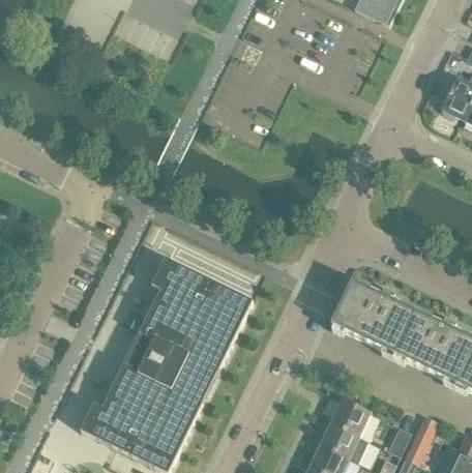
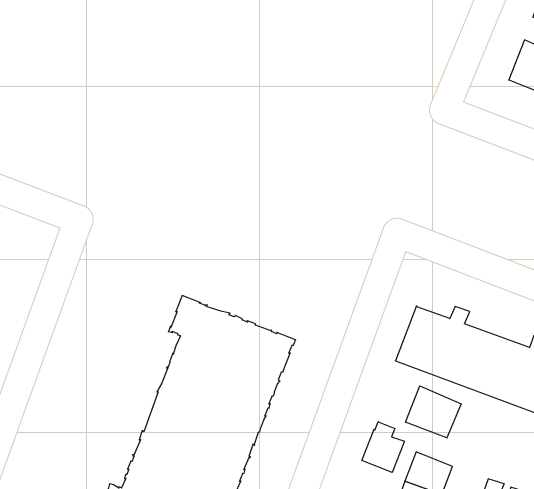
building: none -> [406,386,461,438]
building: none -> [362,422,404,472]

